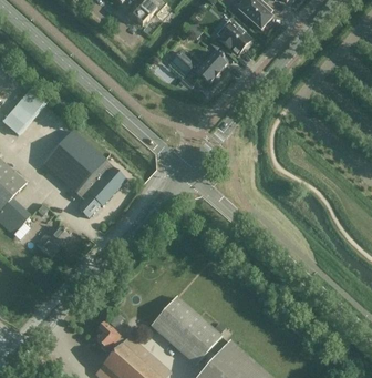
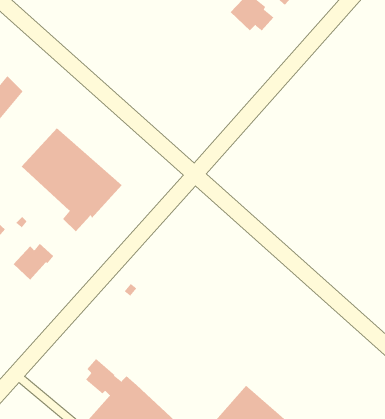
building: [170,50,227,83] -> none
building: [151,297,221,366] -> none

